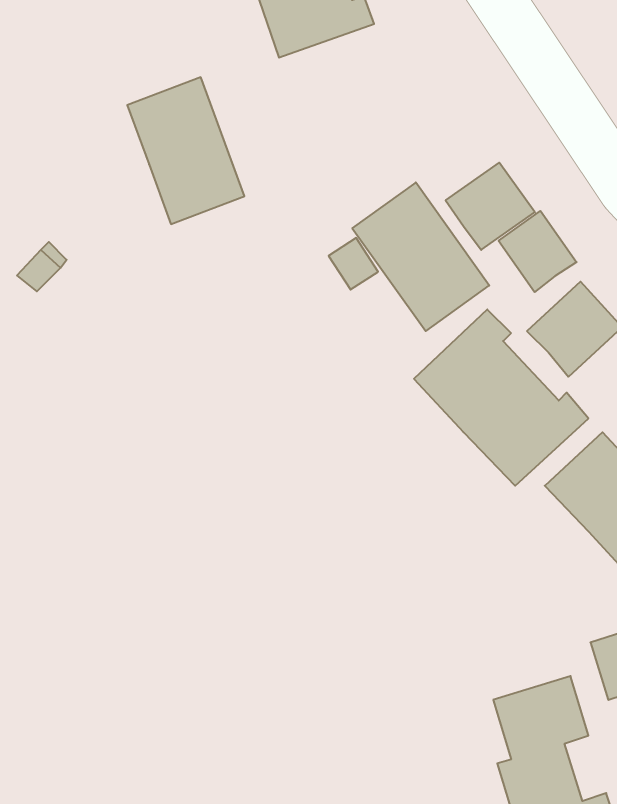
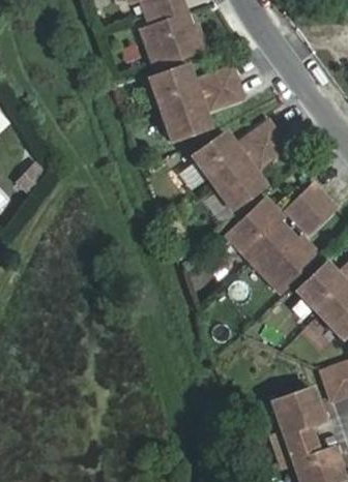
building: none -> [201,66,244,109]
building: [127,77,244,224] -> [150,65,211,142]
building: [499,211,577,292] -> none

